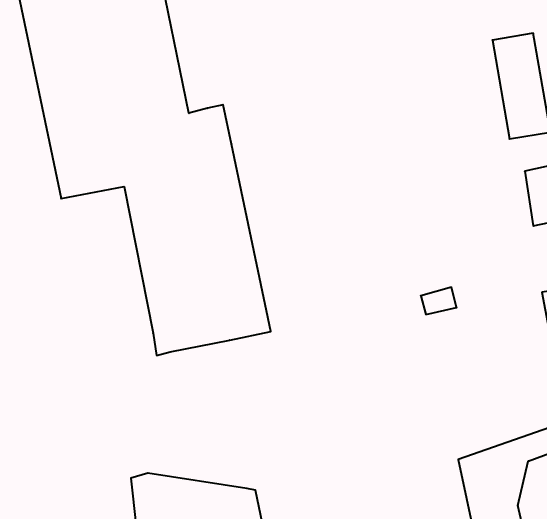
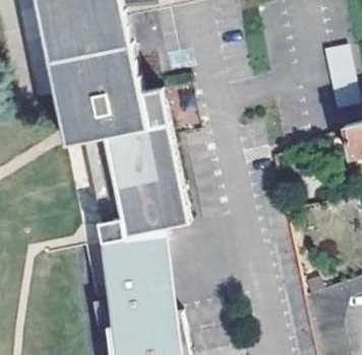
building: none -> [98,225,174,317]

